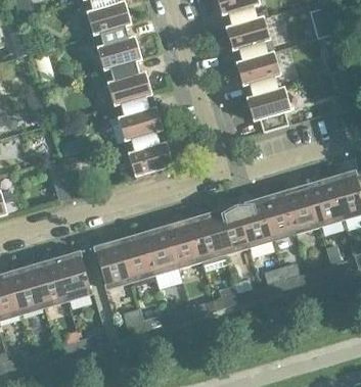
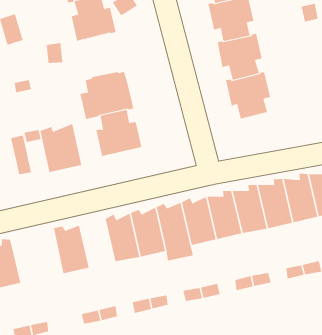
building: [106,59,150,105] -> none
building: none -> [40,123,82,173]
building: [118,234,153,281] -> none
building: [54,250,90,299] -> none

